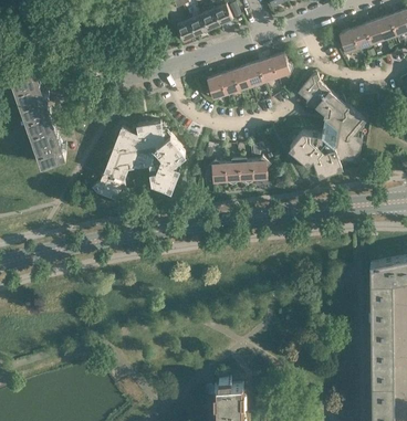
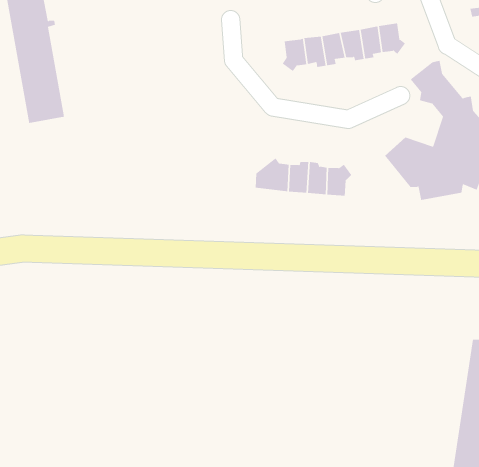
building: [94,123,186,199] -> none

